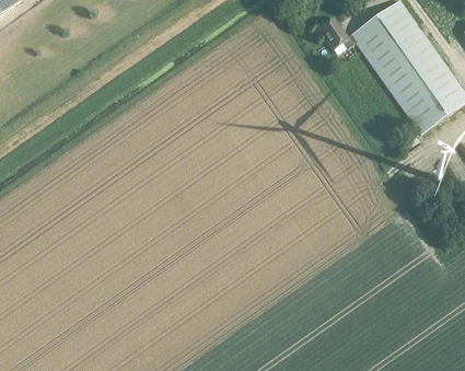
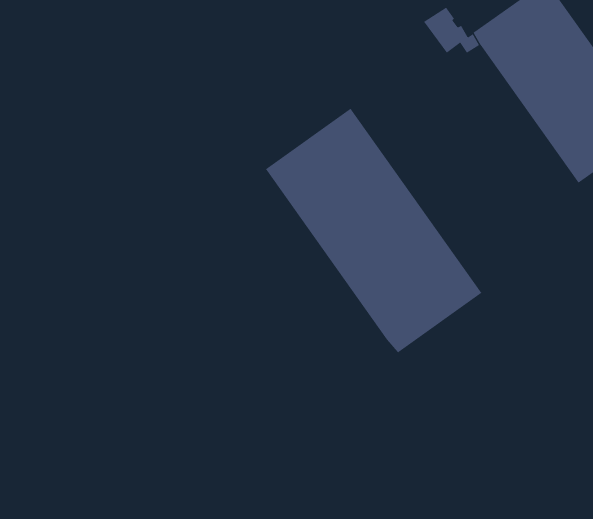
building: none -> [265,108,482,354]

